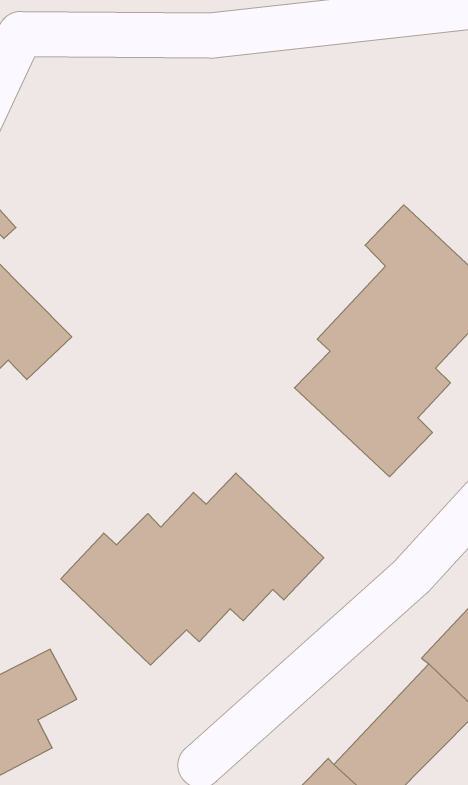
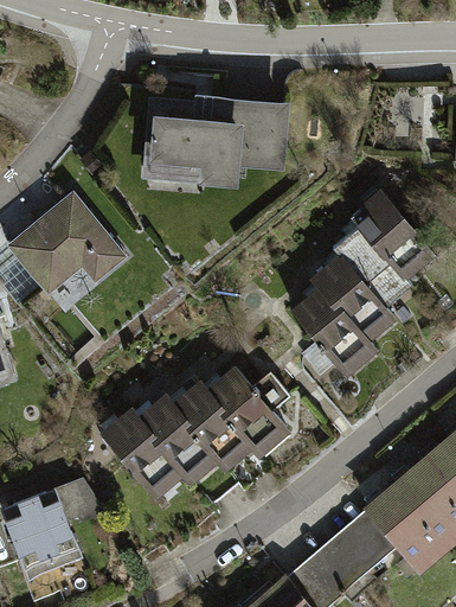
building: none -> [144,76,291,189]

